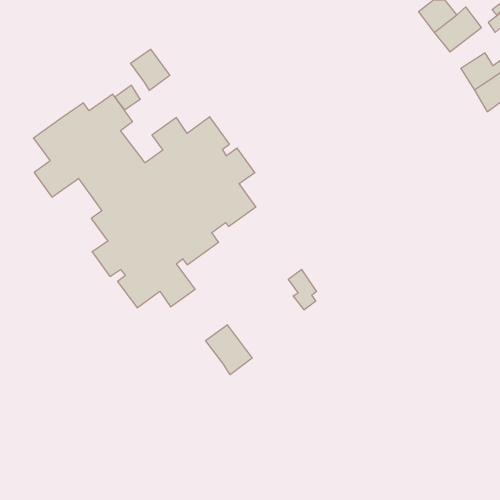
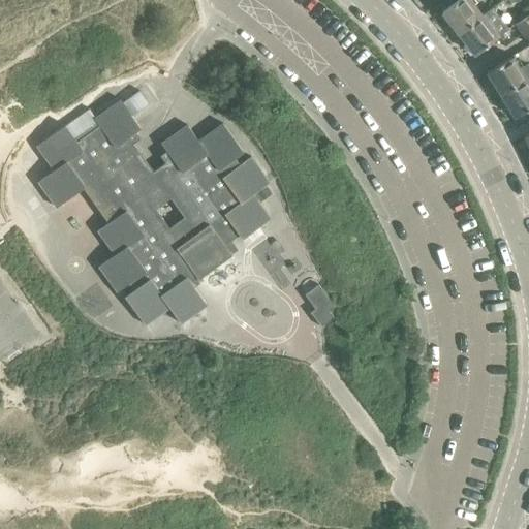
building: [131,49,170,90] -> none
building: [206,325,252,375] -> none

